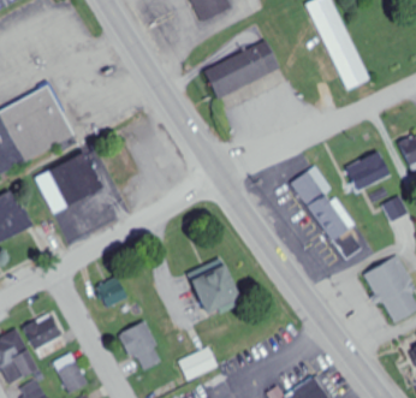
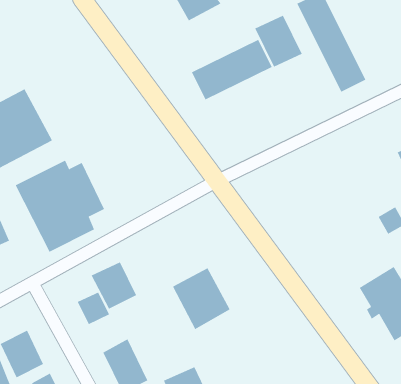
building: none -> [254,15,303,68]
building: [345,152,391,192] -> none
building: [291,166,361,259] -> none
building: none -> [91,262,137,310]

